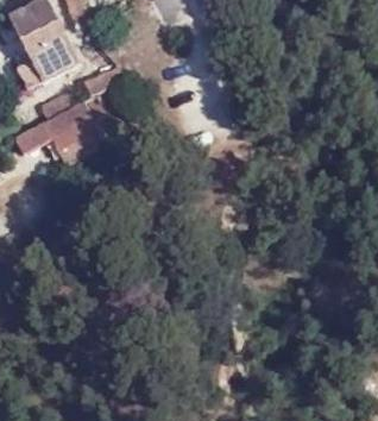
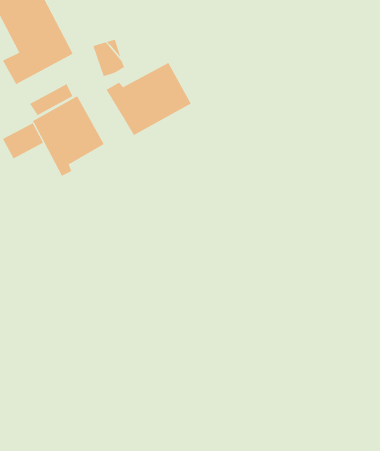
building: none -> [106,62,191,136]

